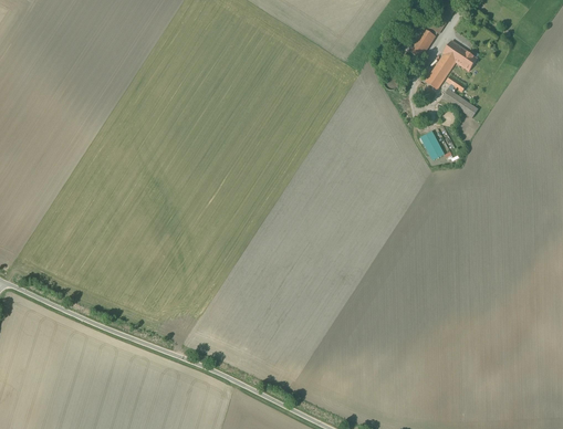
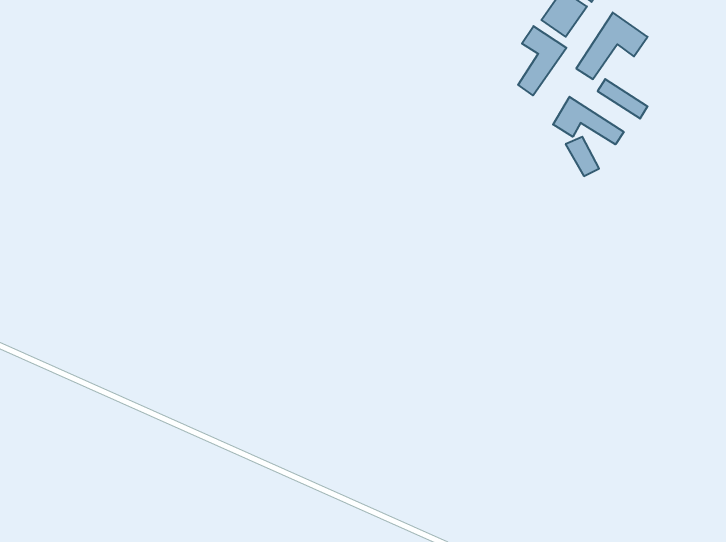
building: none -> [518,26,566,95]
building: none -> [553,97,624,144]

